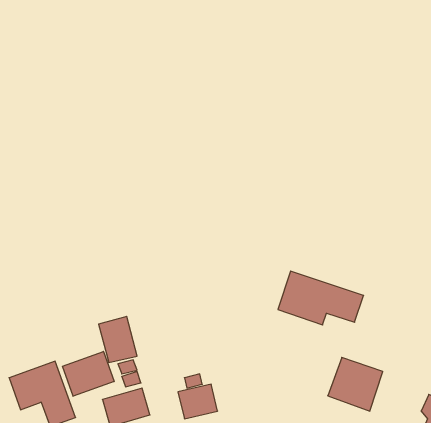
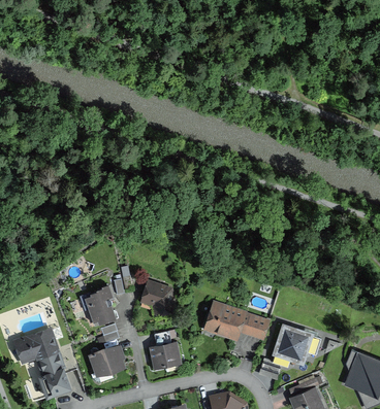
building: [278,271,364,325] -> [201,299,271,342]
building: none -> [140,278,178,318]
building: [63,351,114,396] -> none

